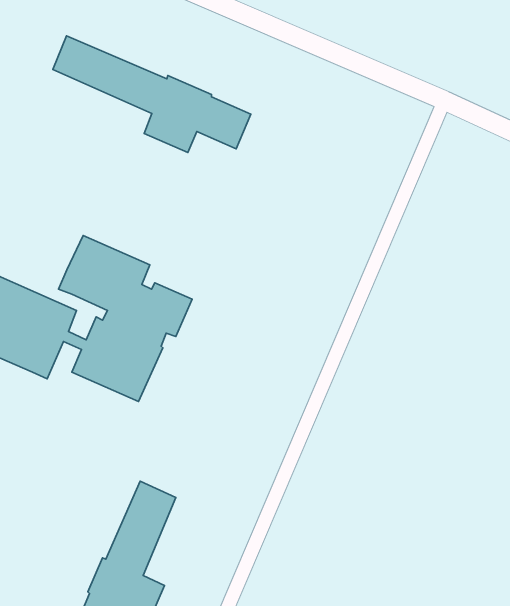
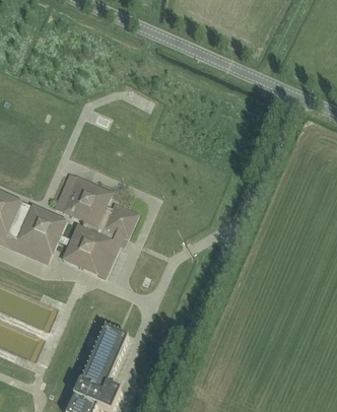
building: [53,36,251,152] -> none

